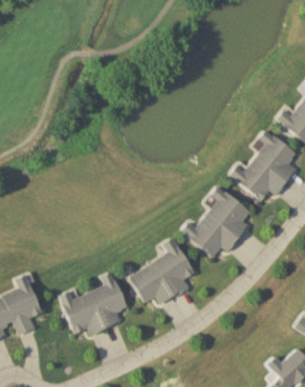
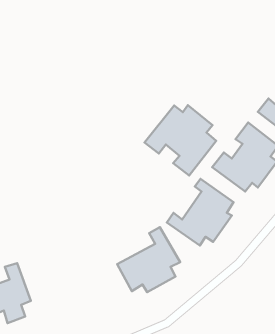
building: none -> [144,105,216,176]
building: [60,271,126,334] -> none

